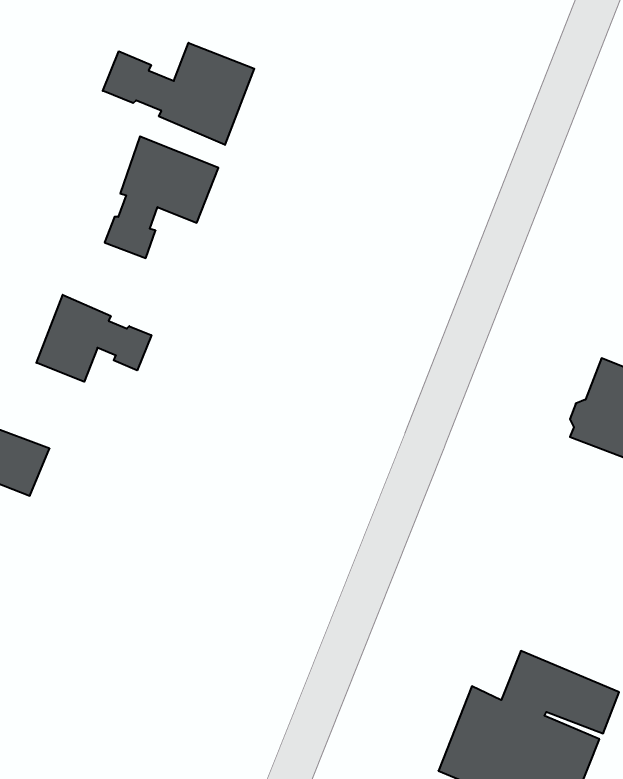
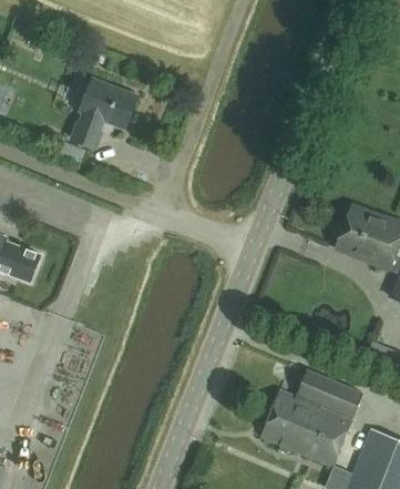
building: [103,43,254,145] -> none
building: [36,295,151,382] -> none

